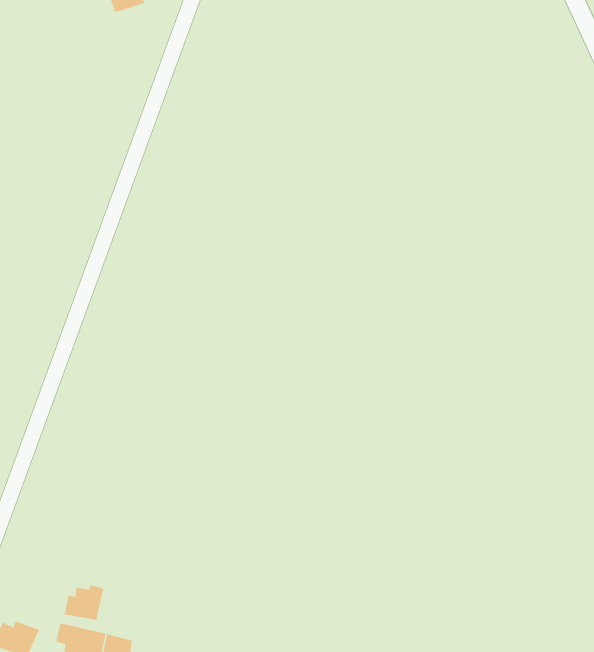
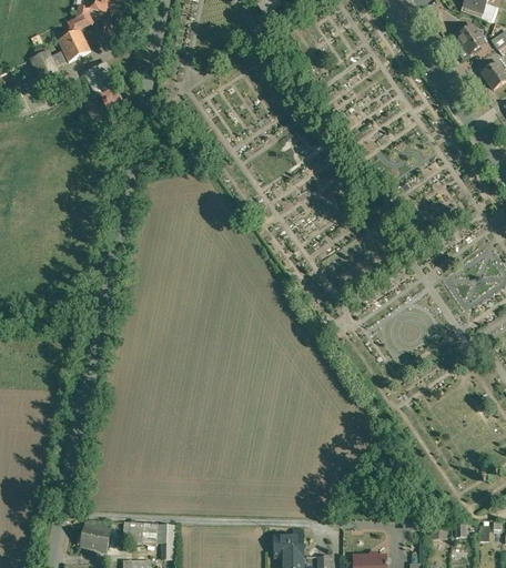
building: [64,584,104,620] -> none

